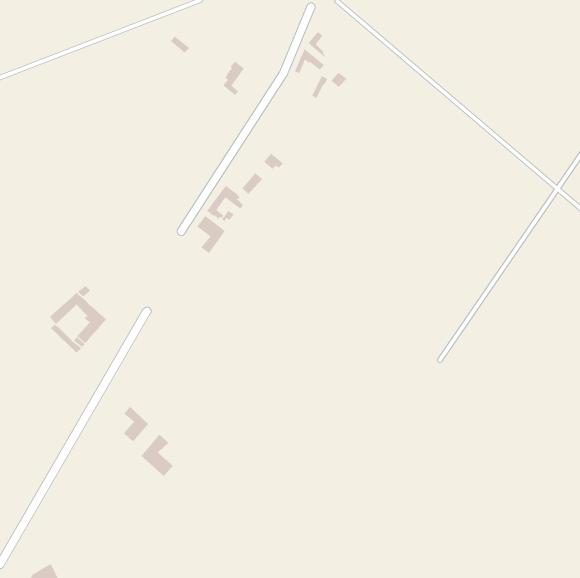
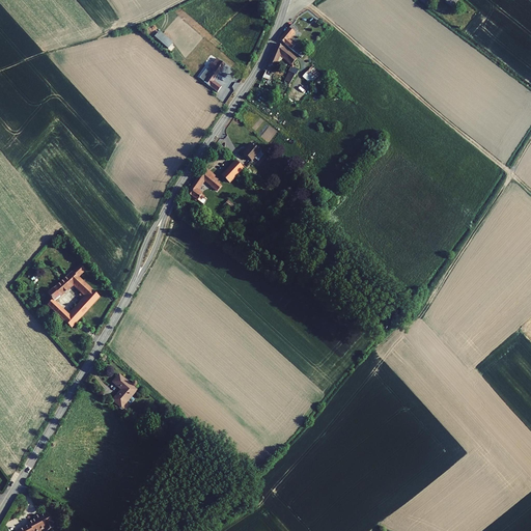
building: [196,215,226,254] -> none
building: [141,434,174,477] -> none

